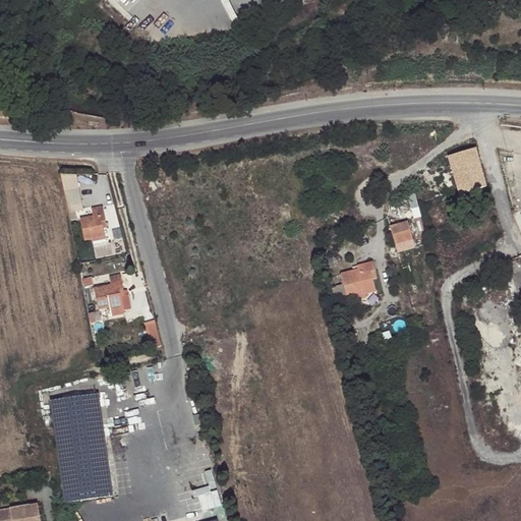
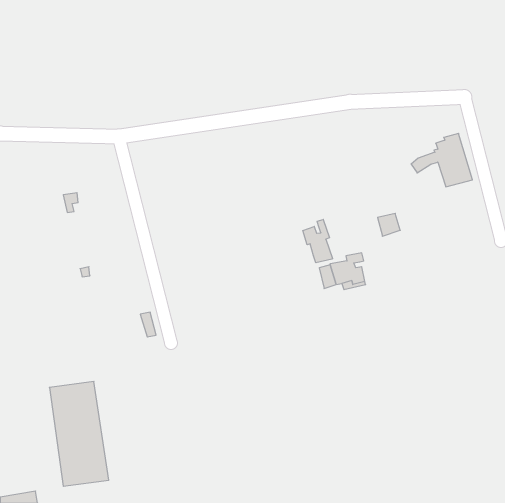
building: [79,205,106,244] -> none
building: none -> [303,219,333,263]
building: [94,273,124,314] -> none

